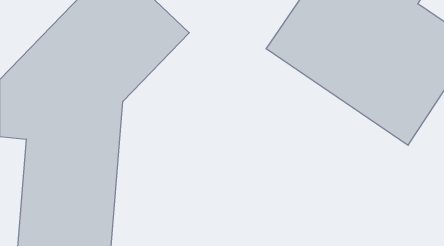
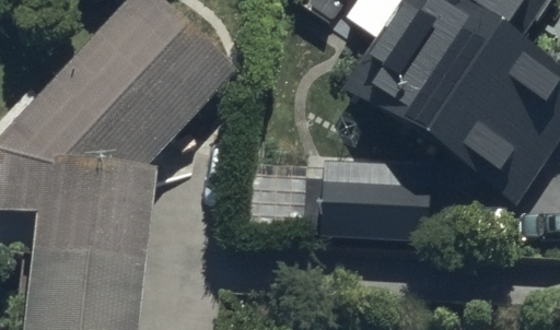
building: none -> [306,168,436,247]

